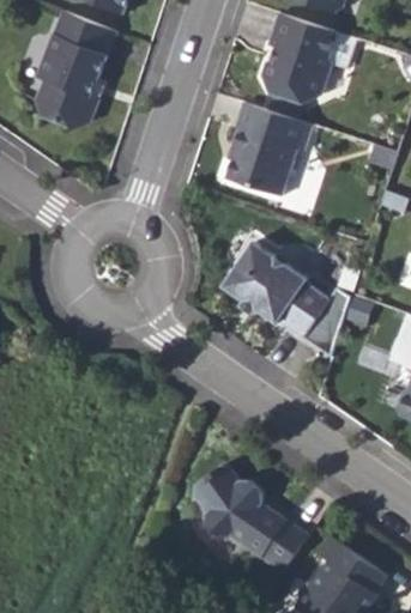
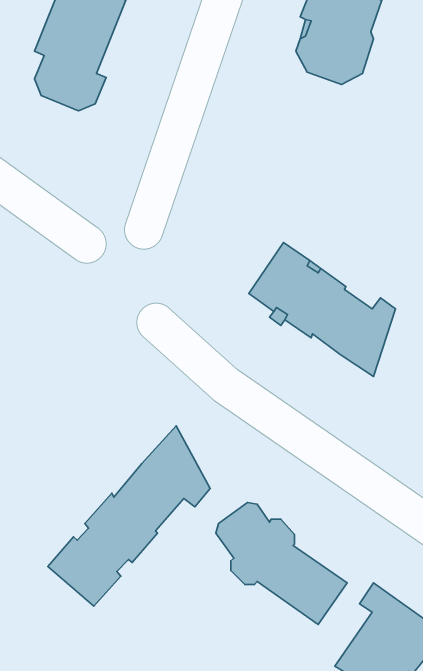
building: [226,102,313,195] -> none
building: none -> [48,426,210,606]

